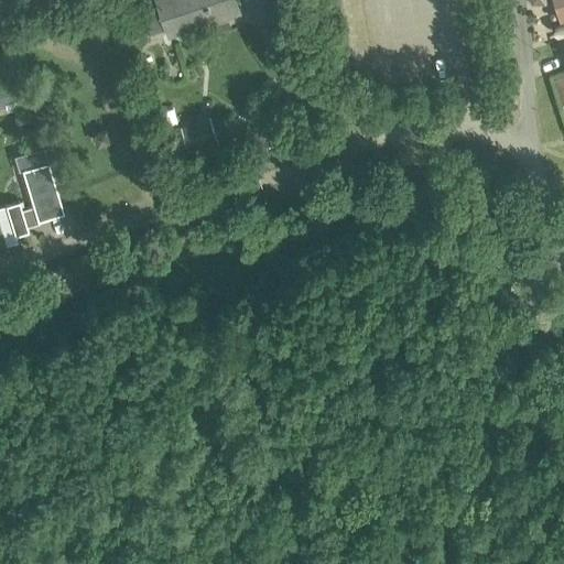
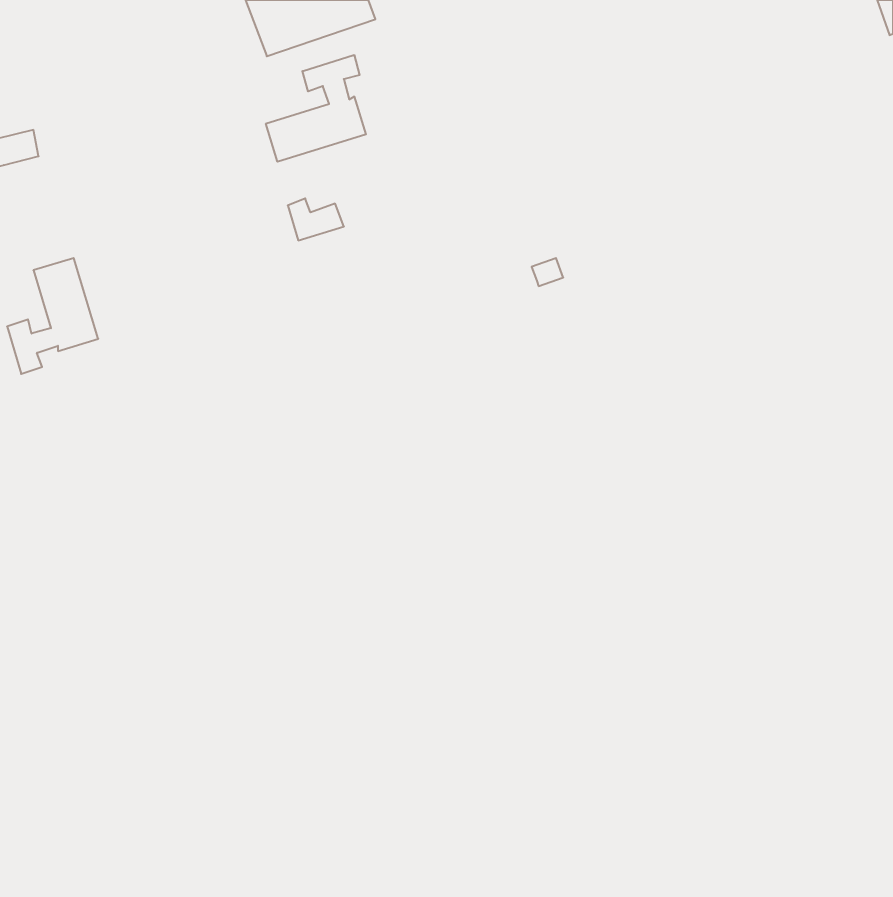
building: none -> [266,55,366,162]

